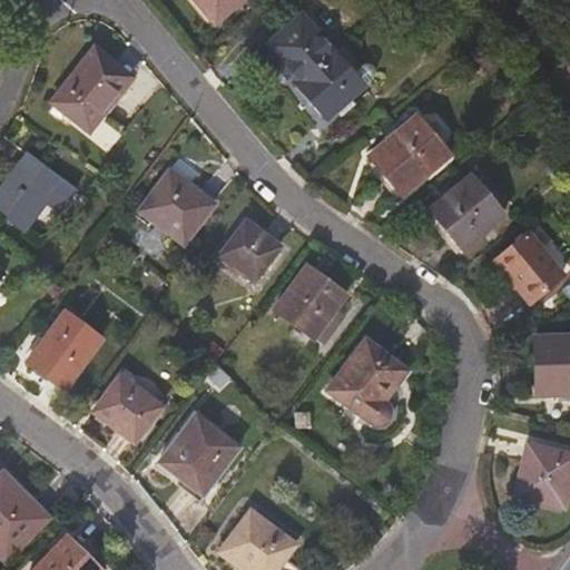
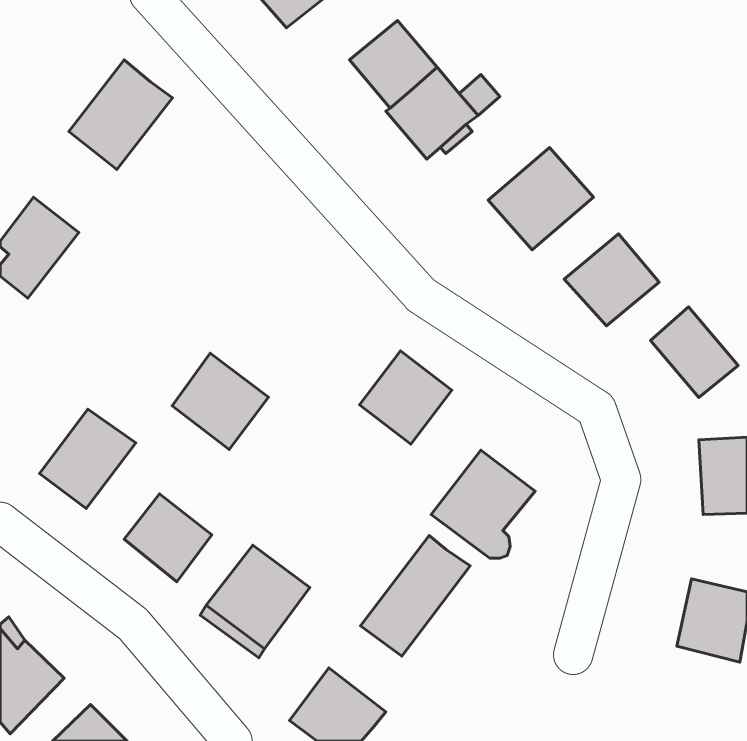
building: [145,163,218,236] -> [172,353,269,450]
building: [220,222,278,279] -> none
building: none -> [361,535,470,656]

